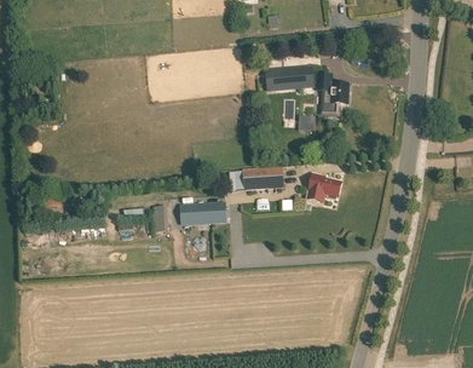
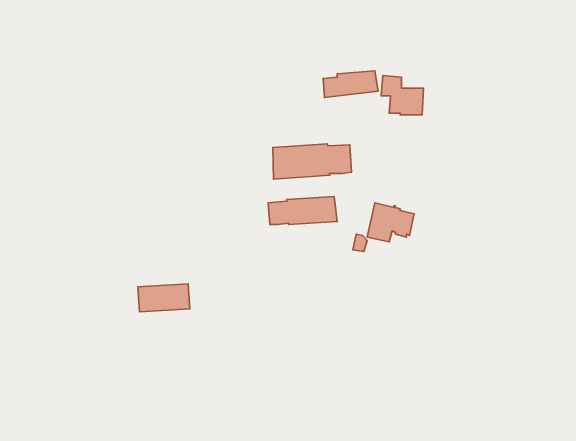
building: none -> [273,144,351,179]
building: [180,202,220,224] -> [138,284,190,312]

